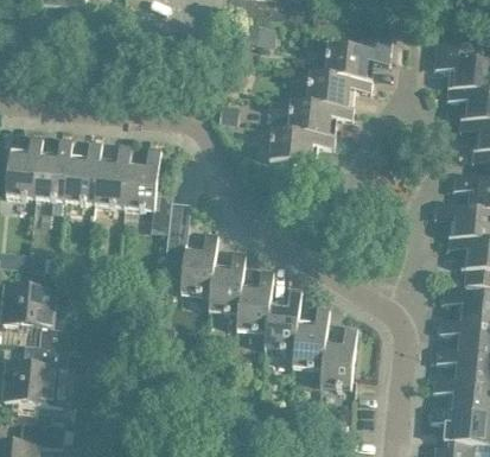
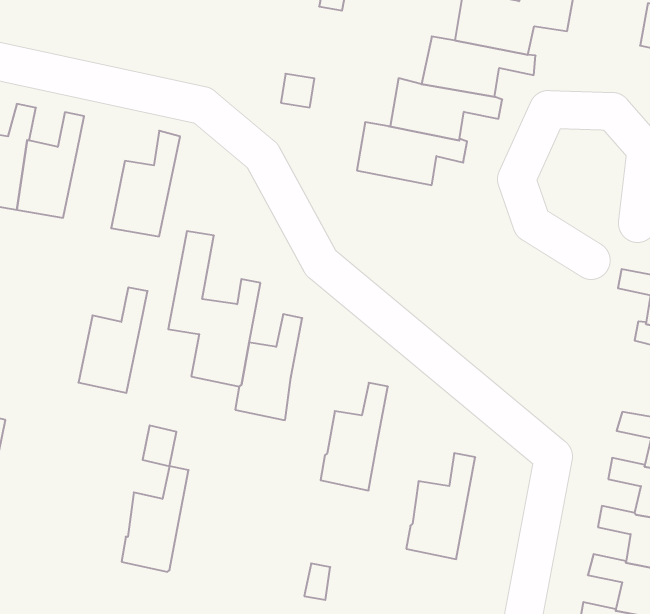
building: [95,142,132,207] -> [78,287,148,393]
building: [238,268,274,332] -> [122,466,189,572]
building: [293,305,330,370] -> none

